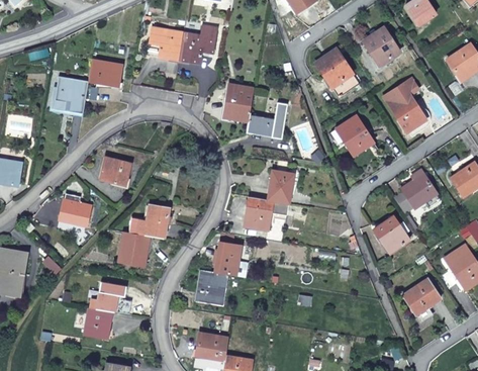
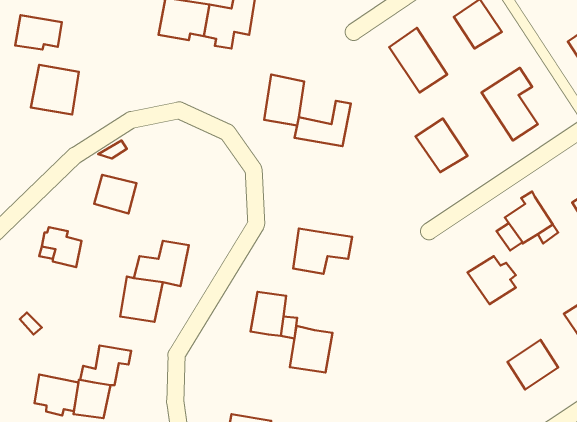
building: [88,59,122,84] -> [15,15,62,50]
building: [268,170,294,202] -> none
building: [196,269,227,303] -> [290,326,332,373]
building: none -> [35,374,78,415]

